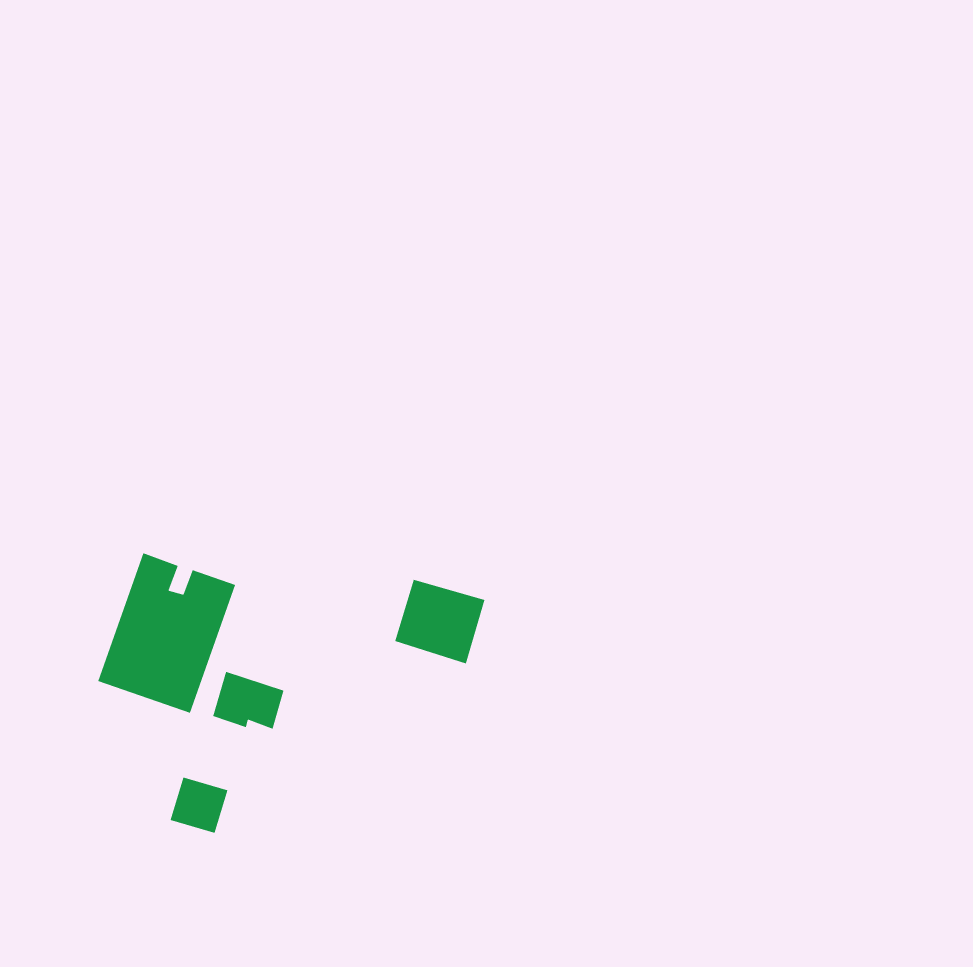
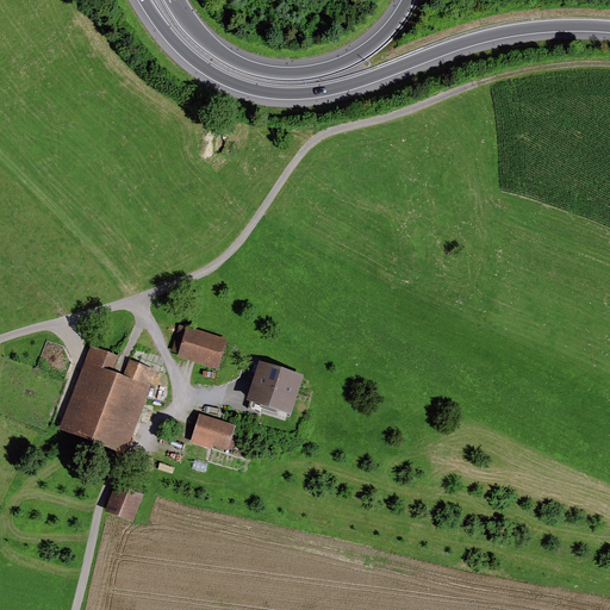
building: none -> [178,325,226,368]
building: [212,671,285,730] -> [191,413,236,450]

